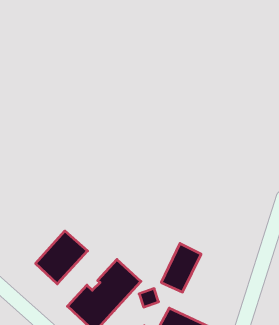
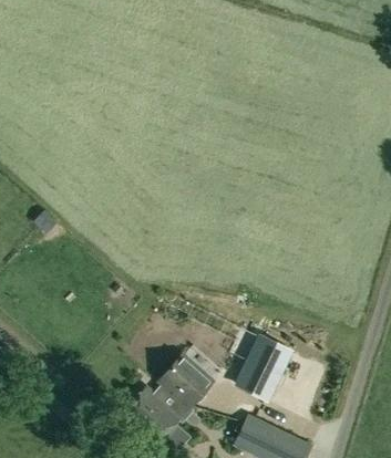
building: [36,231,88,284] -> none

